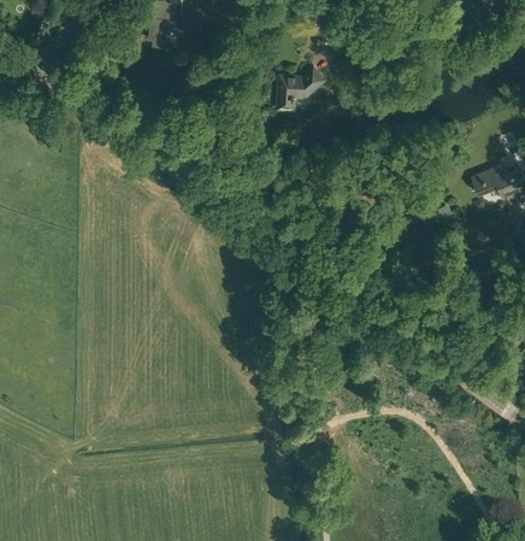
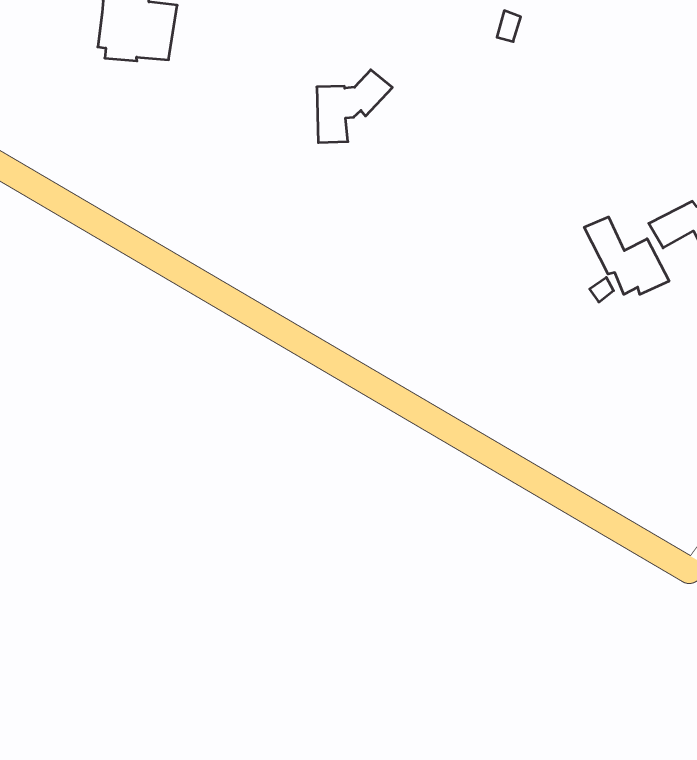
building: none -> [584,217,669,294]

